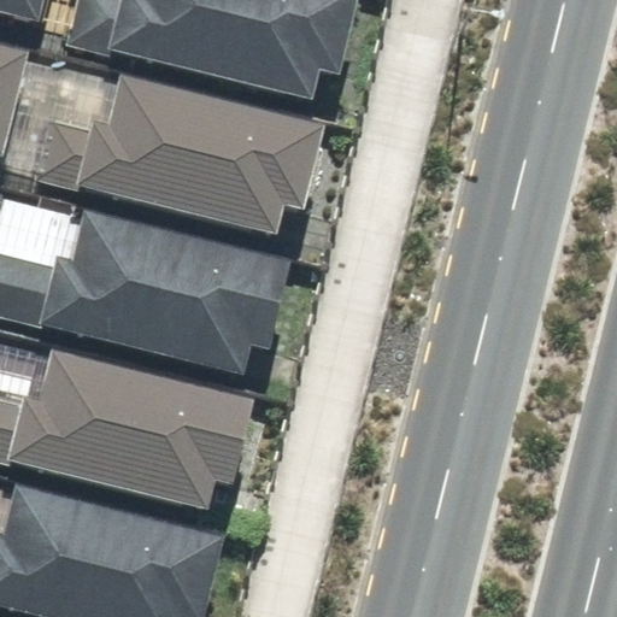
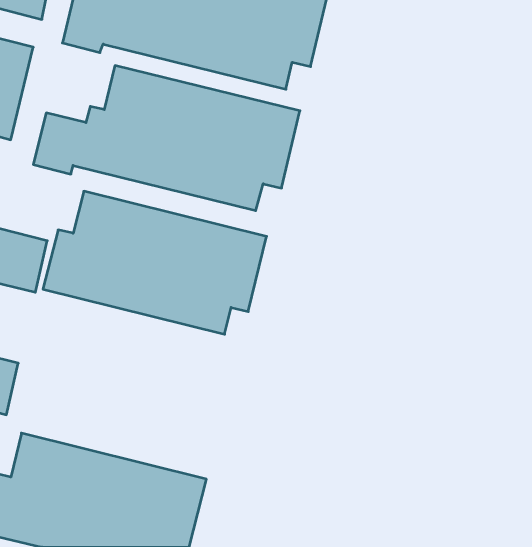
building: [17,351,264,510] -> none

